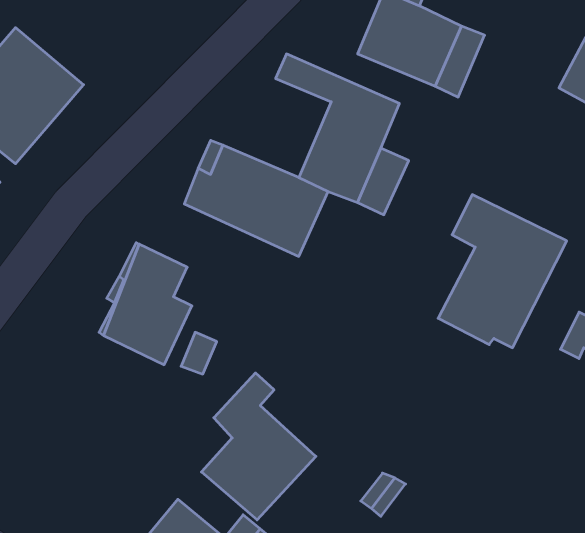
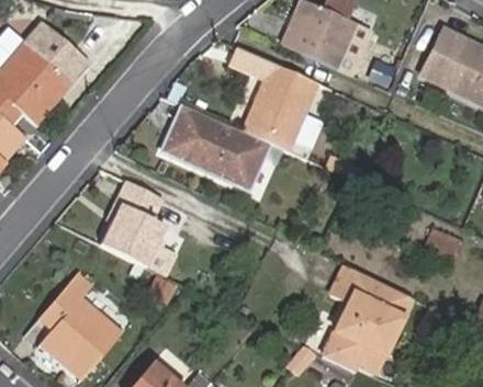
building: [438,195,567,348] -> [321,264,412,373]
building: [201,373,316,520] -> [42,273,123,377]

